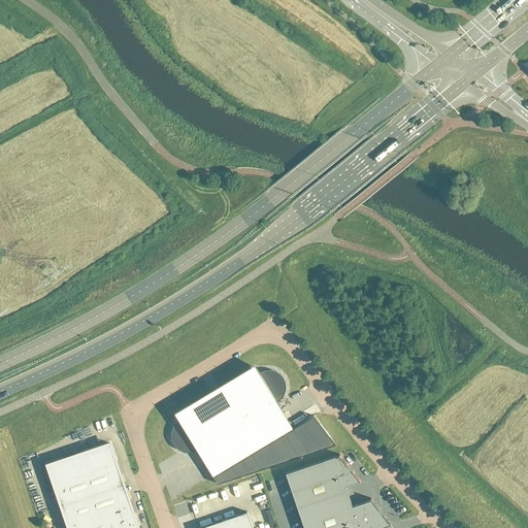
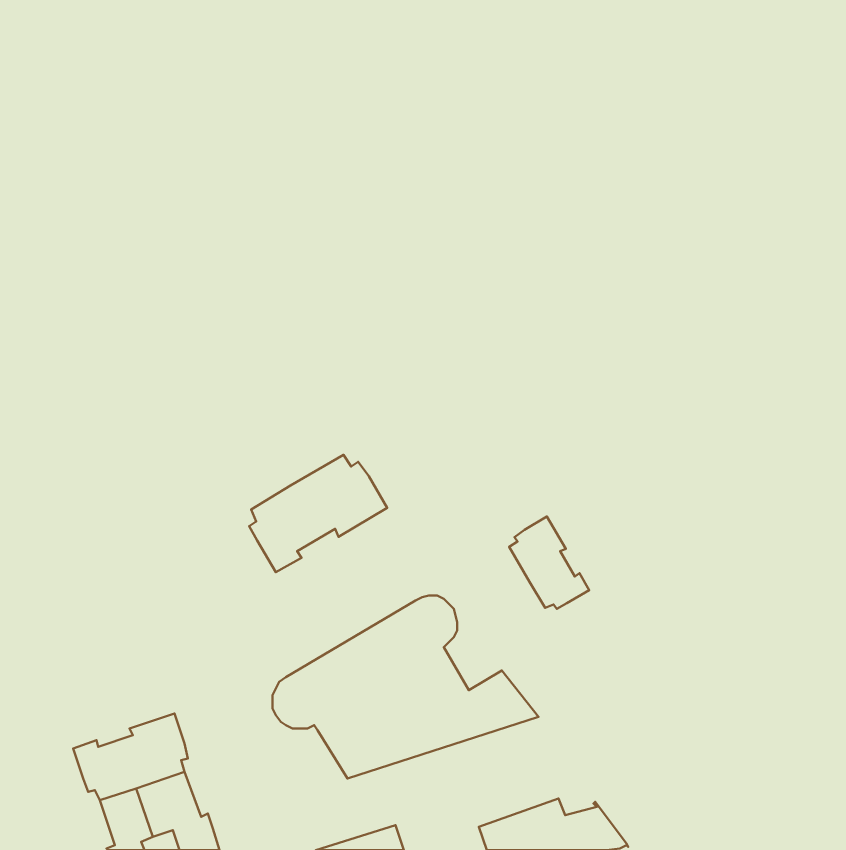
building: none -> [249,455,387,572]
building: none -> [509,517,589,609]
building: [284,454,359,513] -> none

